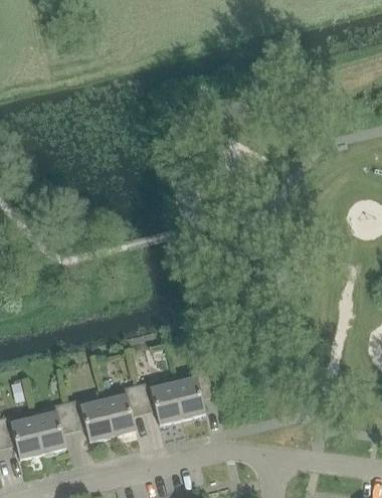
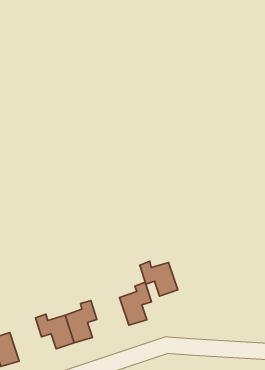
building: [137,379,182,424] -> [140,261,178,296]
building: [33,400,72,453] -> none

